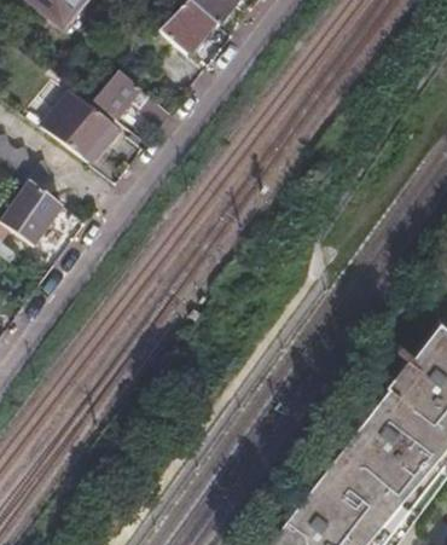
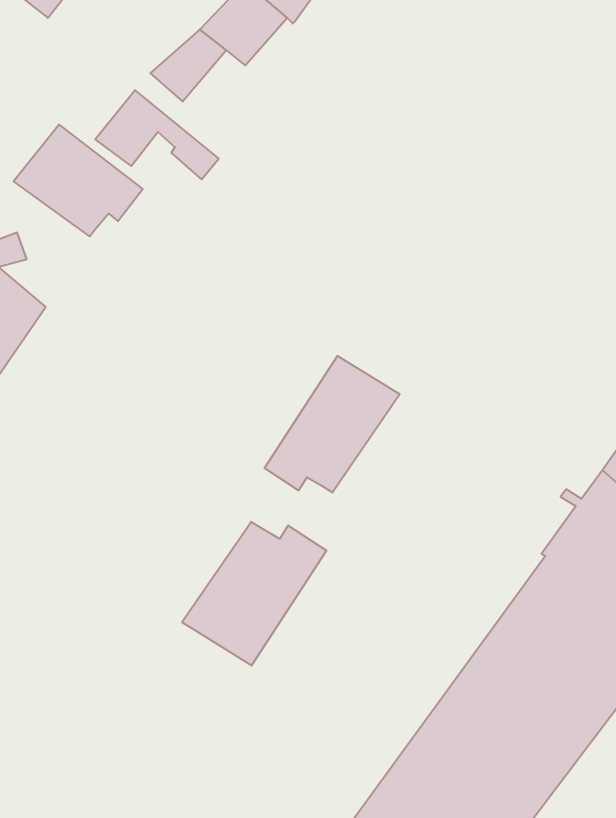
building: none -> [265,356,400,493]
building: none -> [182,522,326,666]

